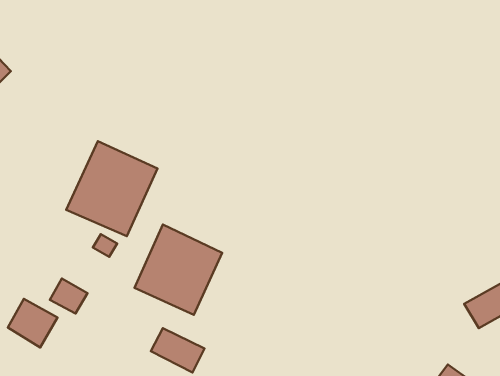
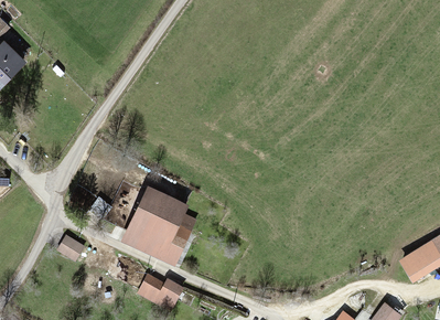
building: [66,141,157,236] -> none
building: [8,299,58,347] -> none

